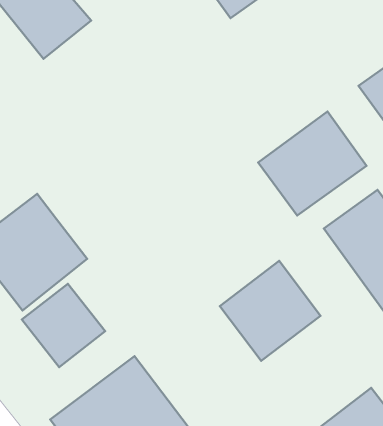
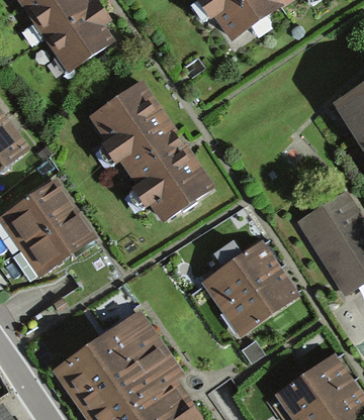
building: none -> [89,83,215,223]
building: [258,111,367,215] -> none
building: [22,284,105,367] -> none

